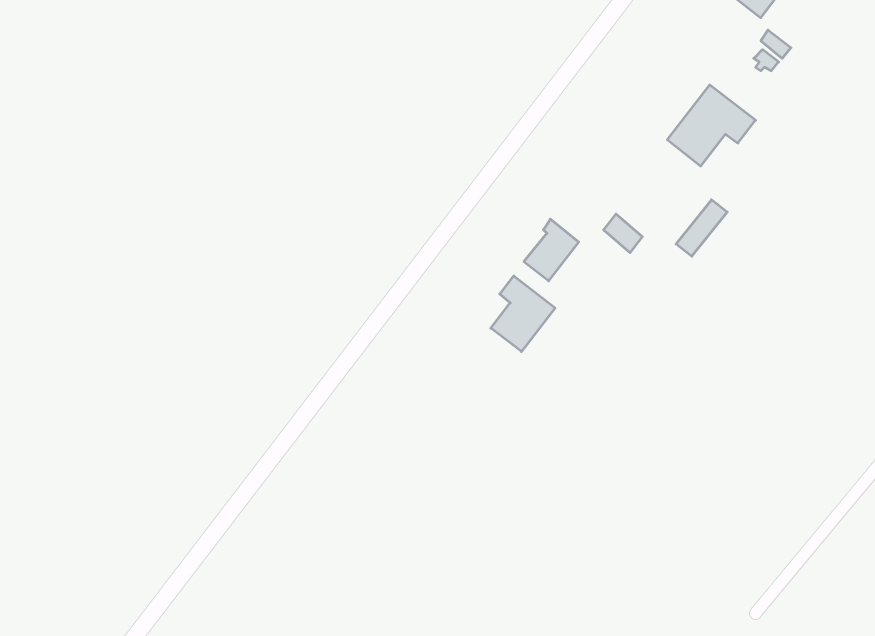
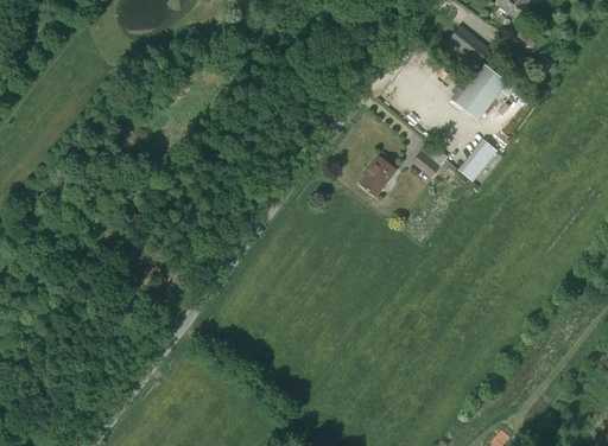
building: none -> [448,25,488,63]
building: [491,276,555,352] -> none

